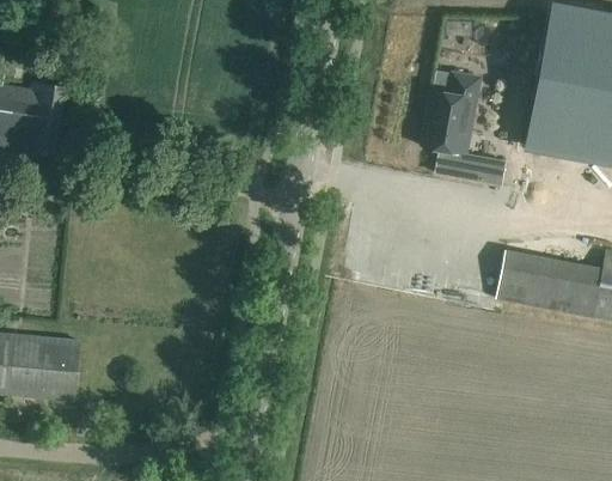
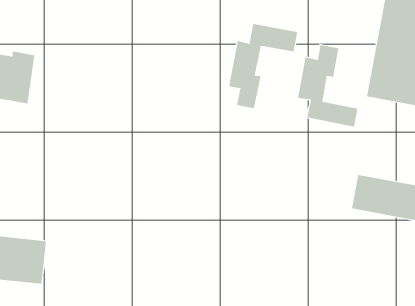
building: none -> [228,23,298,109]

